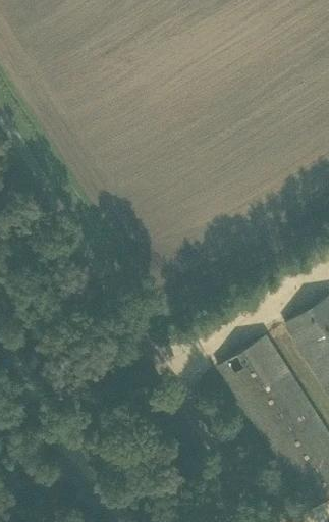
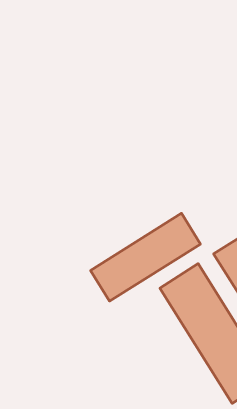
building: none -> [90,213,201,301]

